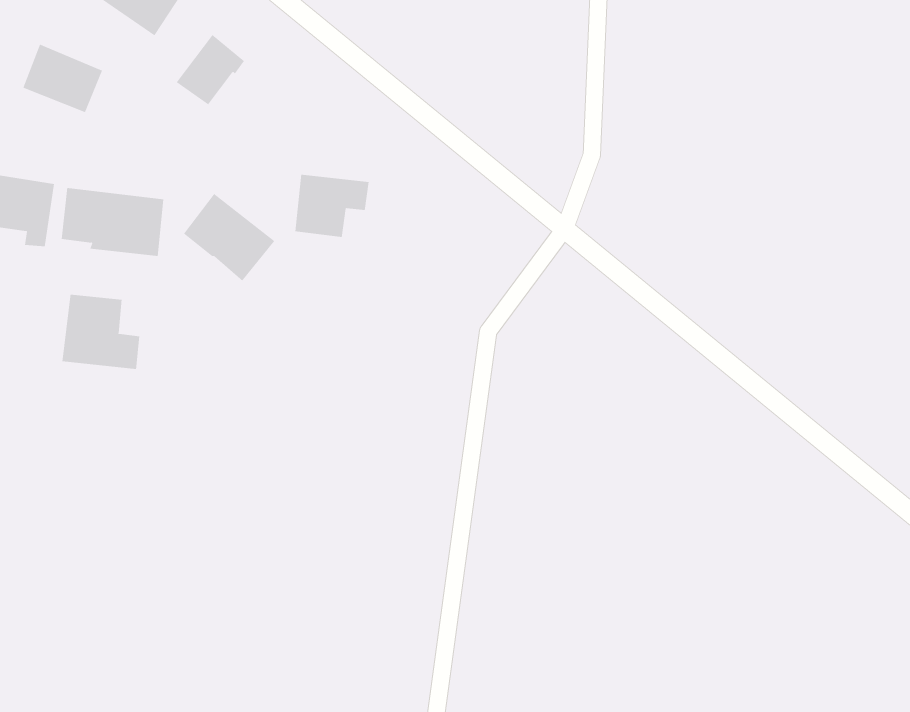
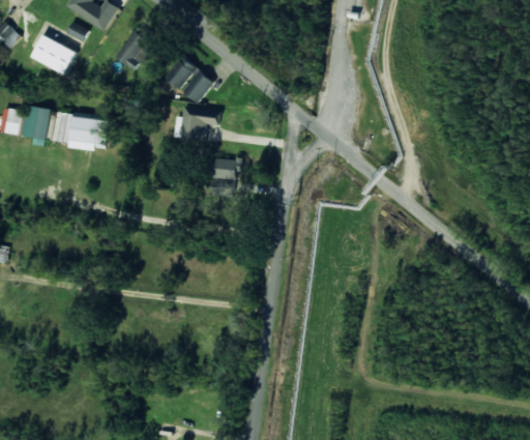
building: [183,193,275,281] -> [165,55,214,102]
building: none -> [211,157,241,196]
building: [62,294,140,370] -> none

